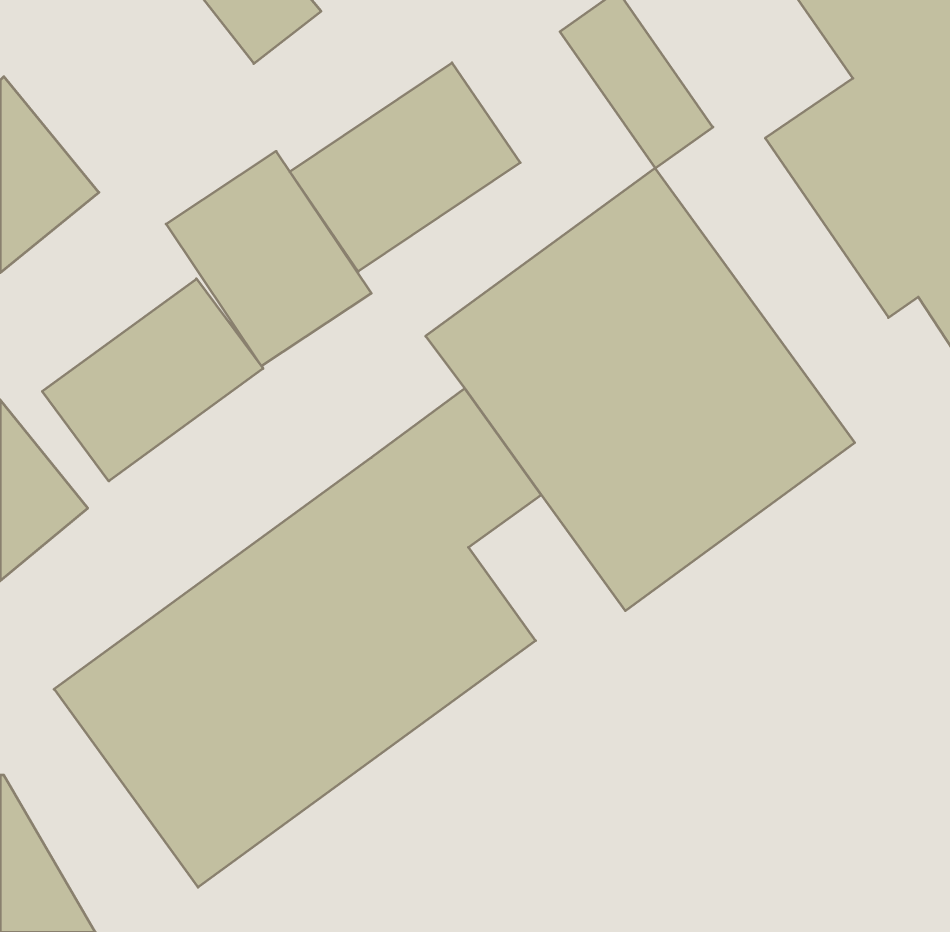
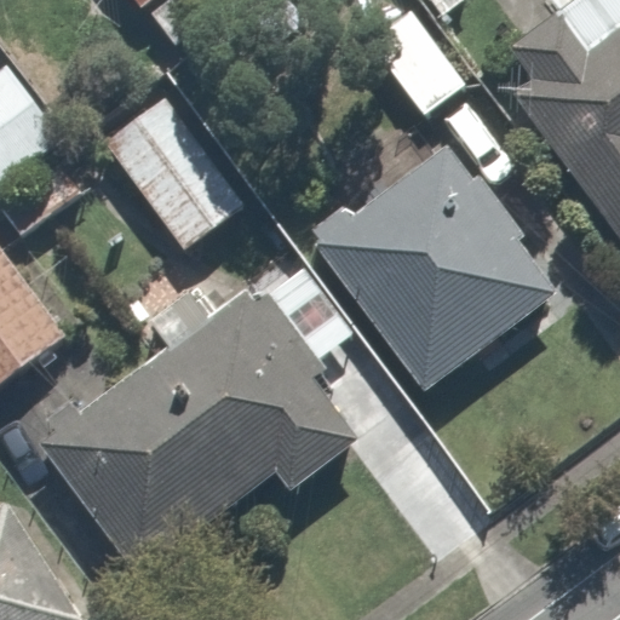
building: [290,63,520,272] -> none
building: [42,279,263,481] -> none

